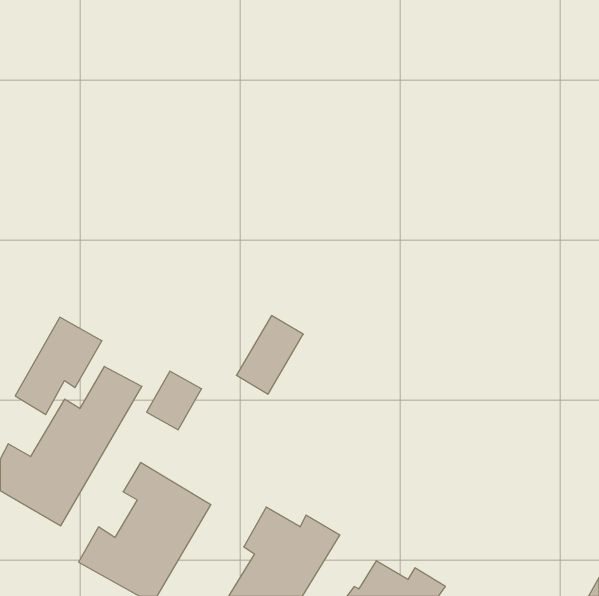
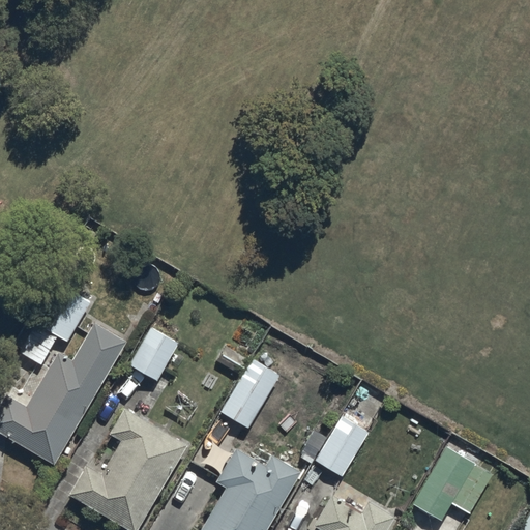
building: [236,316,303,394] -> [219,359,278,429]
building: none -> [314,416,367,476]
building: none -> [414,448,492,520]

